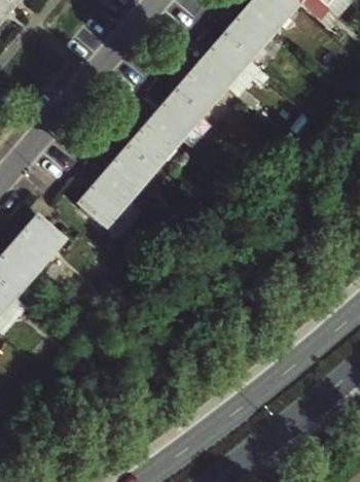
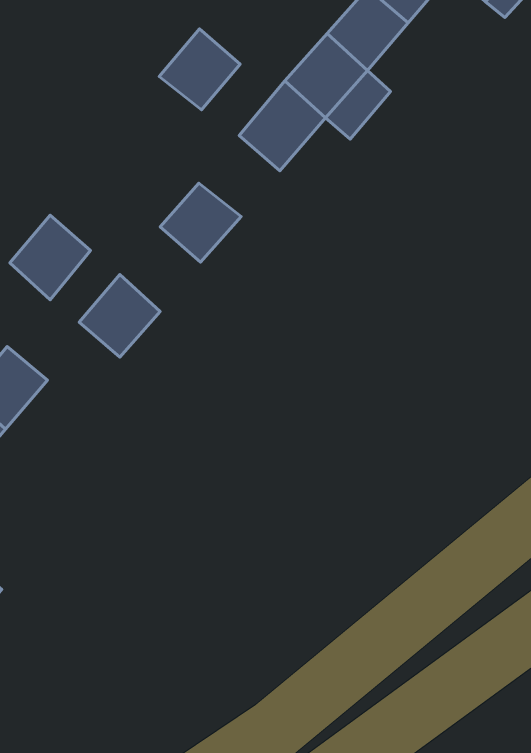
building: [149,95,196,142] -> [159,29,240,110]
building: [103,148,150,198] -> [10,215,91,300]

